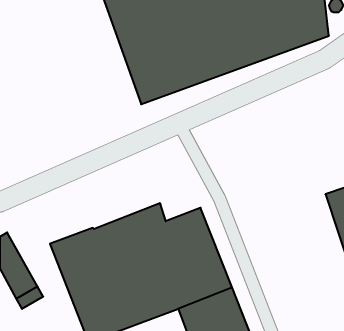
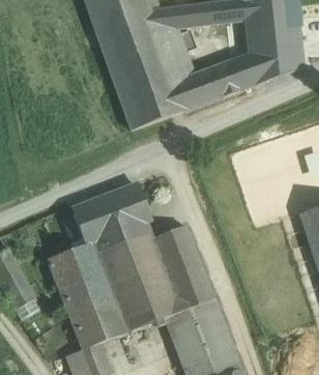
building: none -> [74,183,151,244]

